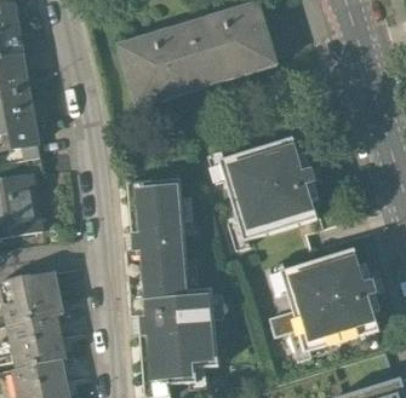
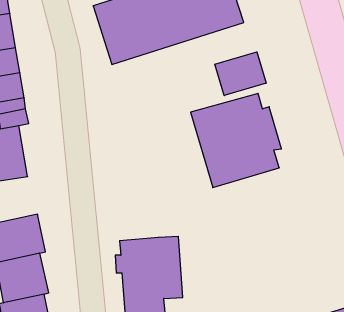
building: none -> [215,52,266,96]
building: [131,184,187,299] -> none
building: [280,248,381,351] -> none

